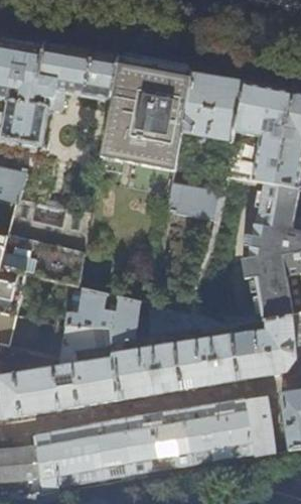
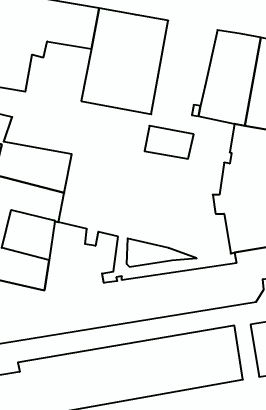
building: [183,72,247,153] -> none

